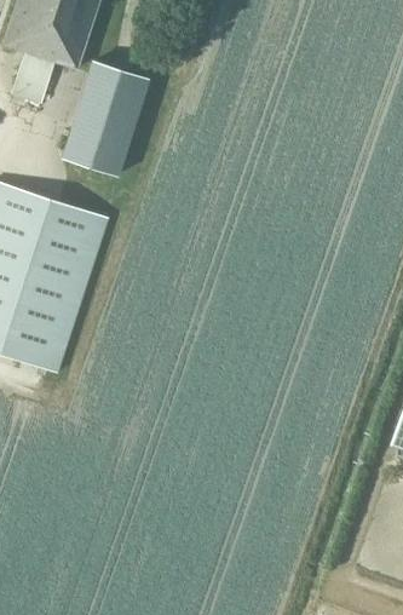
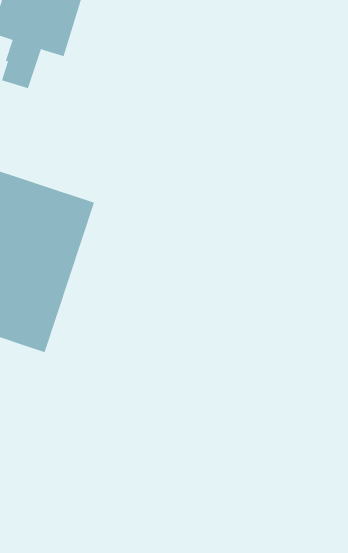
building: [62,61,149,174] -> none

